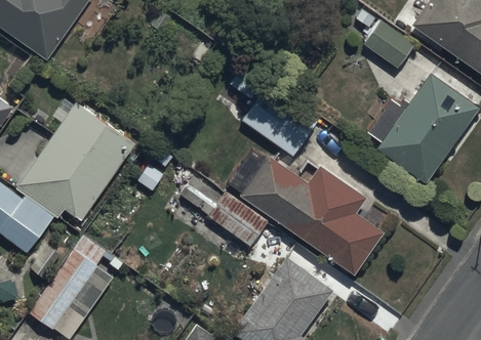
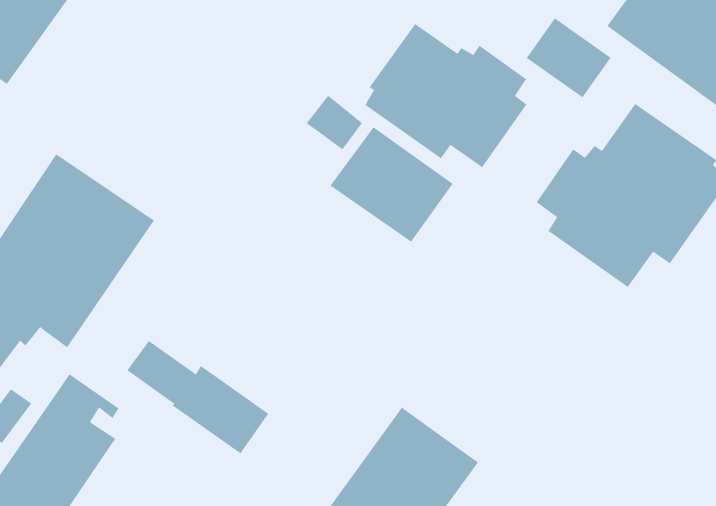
building: none -> [364,23,527,168]
building: [237,151,384,272] -> none
building: [179,176,267,246] -> [127,340,269,454]

